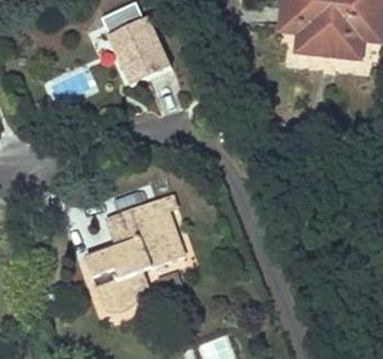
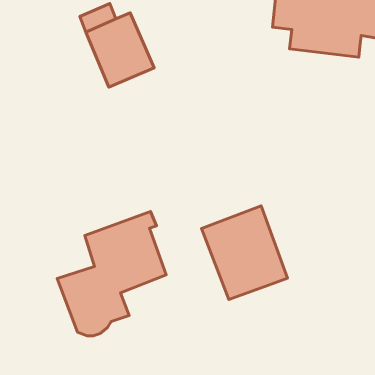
building: none -> [201,206,287,300]

